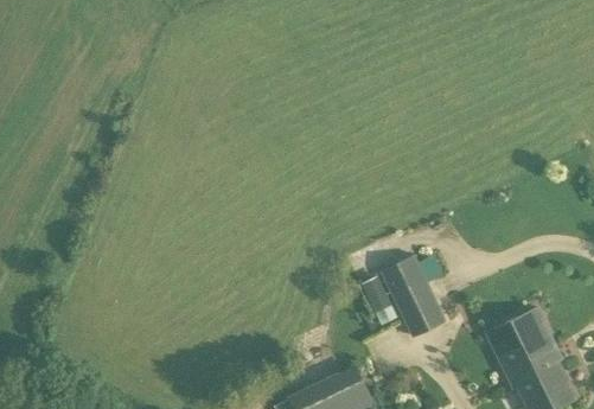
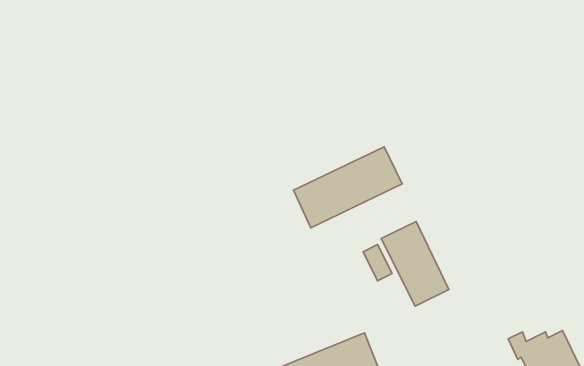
building: none -> [294,147,402,228]
building: [486,308,562,372] -> none

